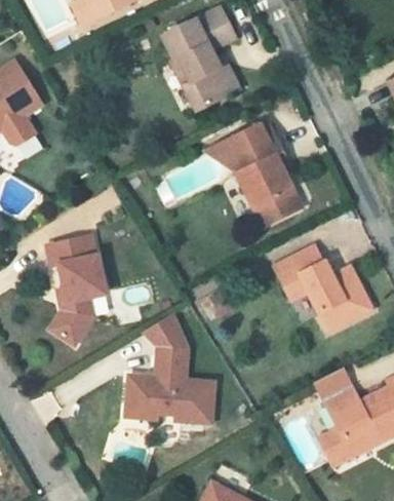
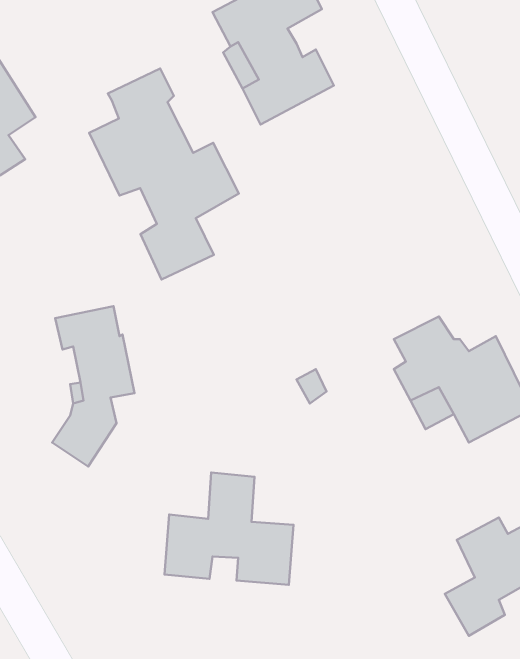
building: none -> [89,69,239,279]
building: [231,123,299,226] -> none
building: [143,319,187,354] -> none

